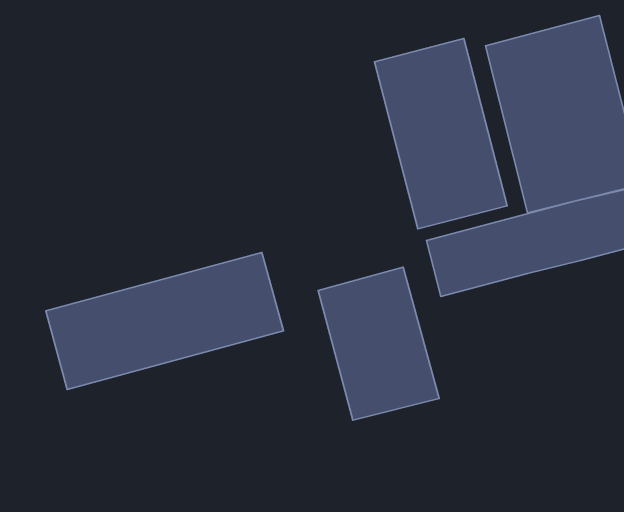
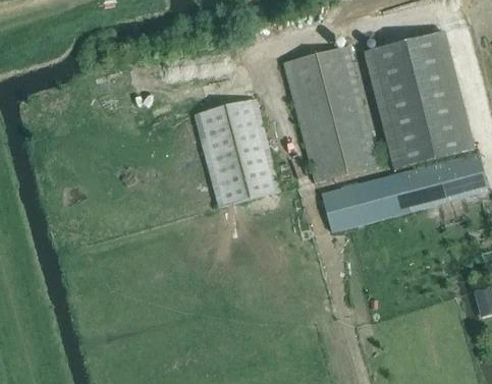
building: [46,252,283,390] -> none
building: [318,267,439,420] -> [195,100,280,208]

